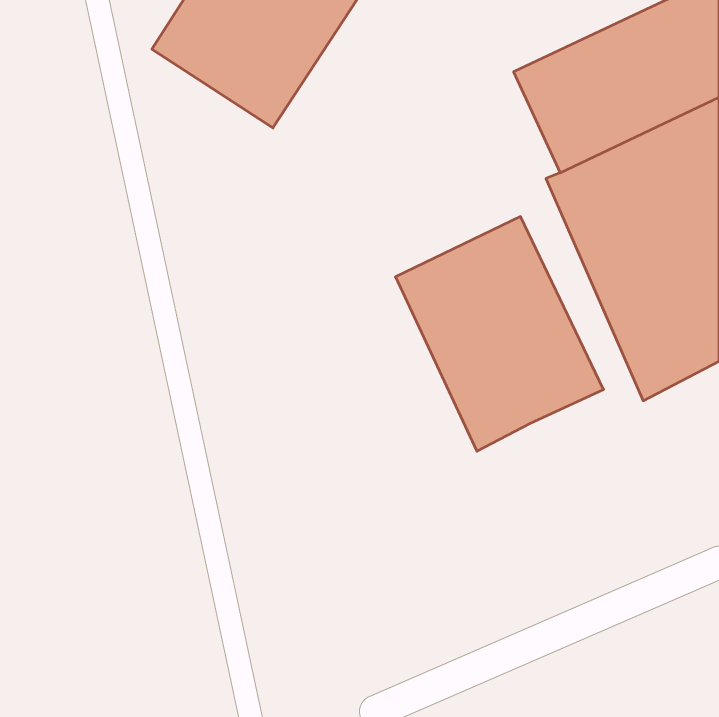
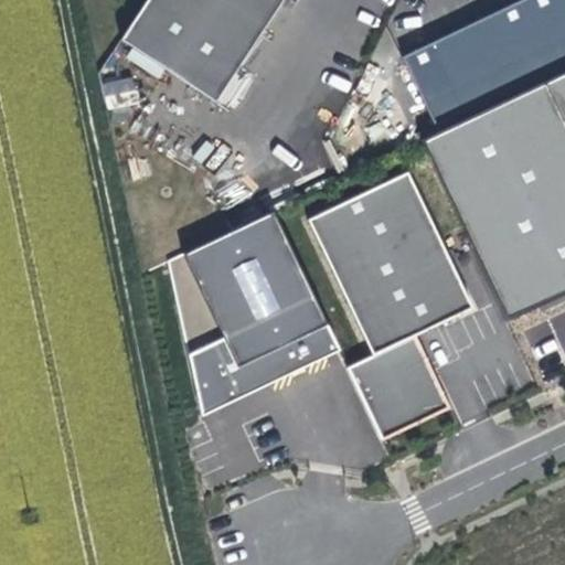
building: none -> [170,212,340,416]
building: none -> [349,332,451,439]

